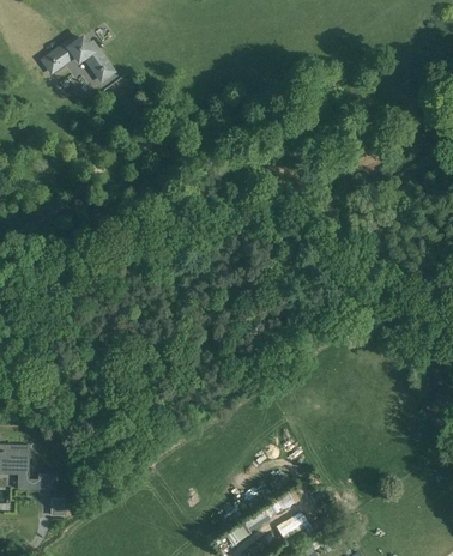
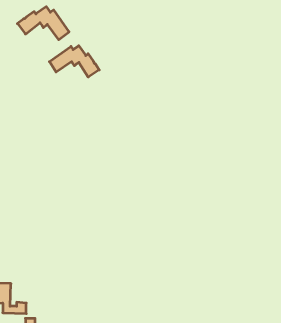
building: none -> [49,46,99,77]

